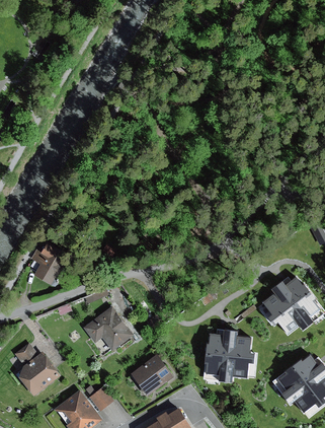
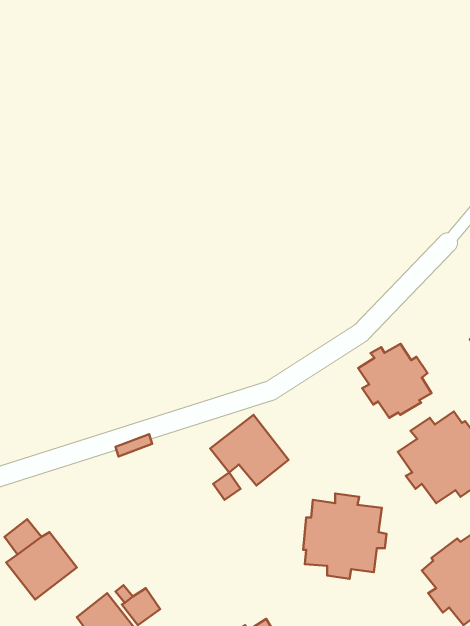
building: none -> [358,344,431,418]
building: [29,243,68,284] -> none
building: [82,306,132,351] -> [210,415,289,485]
building: [130,355,172,397] -> none

